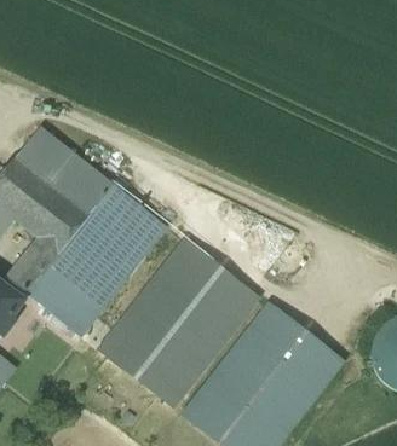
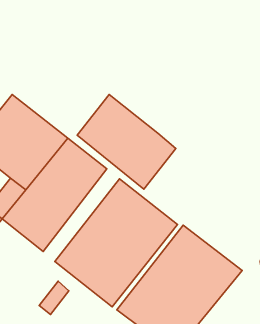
building: none -> [77,94,176,189]
building: none -> [39,281,69,315]

